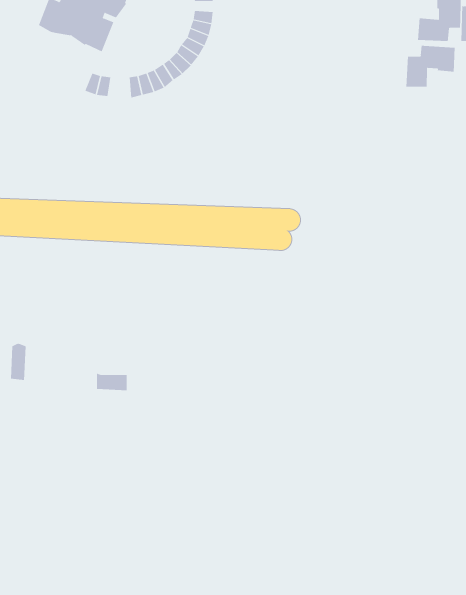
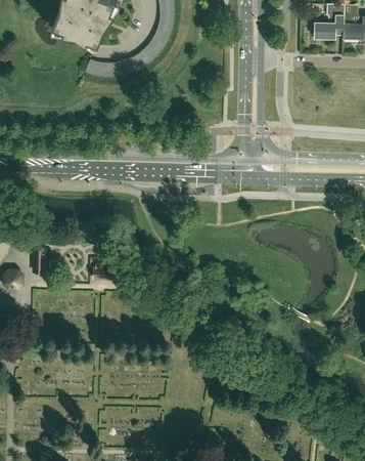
building: [406,44,455,88] -> none

